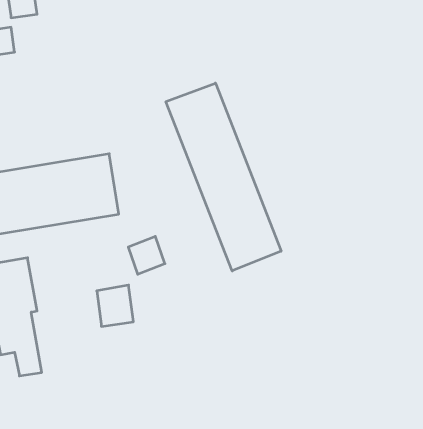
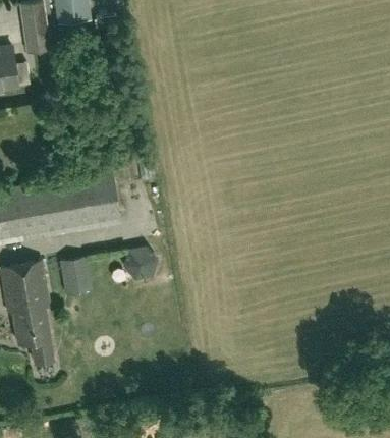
building: [166,83,281,271] -> none
building: [97,285,133,326] -> [60,259,92,294]

